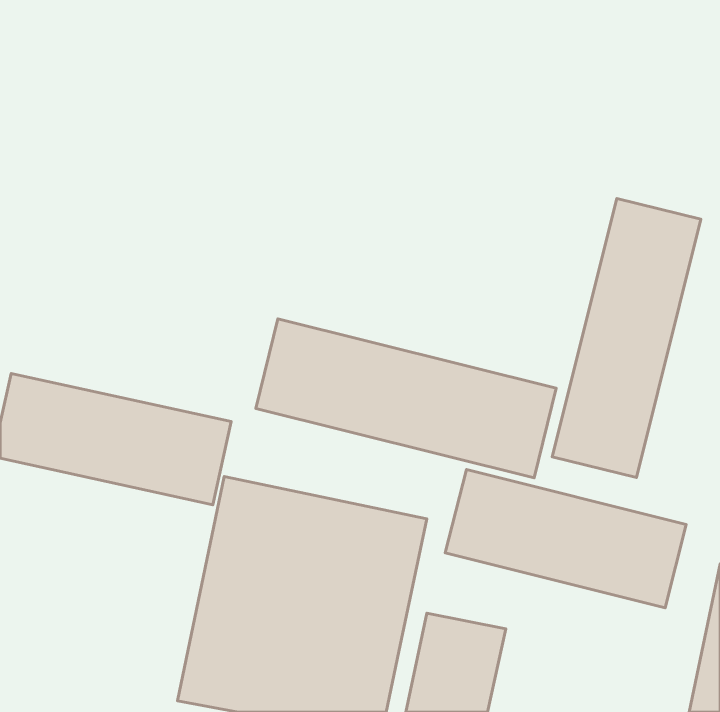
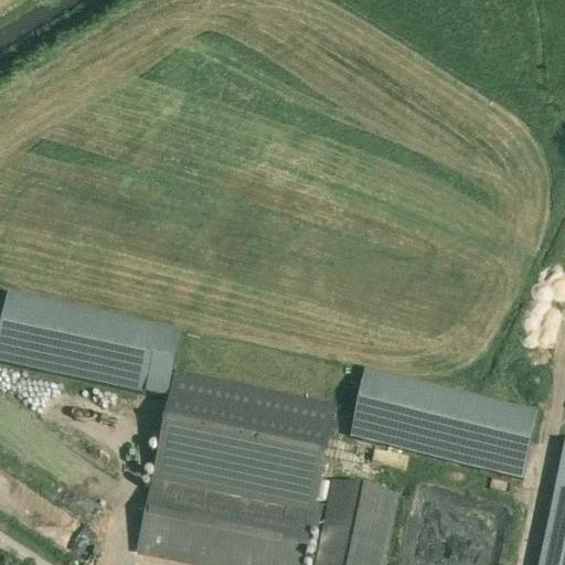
building: [552,198,701,477] -> none
building: [256,319,556,478] -> none

